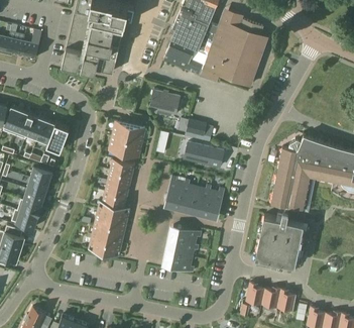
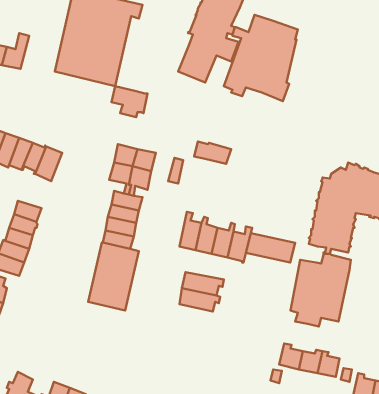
building: [150,91,180,116] -> [112,86,147,117]
building: [184,142,224,167] -> [246,233,295,263]
building: [162,251,195,271] -> none

